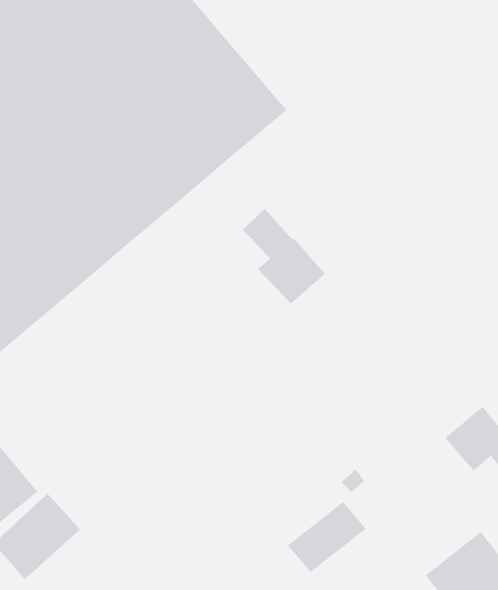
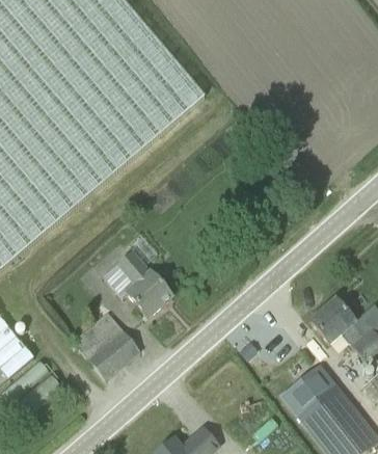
building: [242,208,326,304] -> [114,249,171,315]
building: none -> [75,313,139,377]
building: [287,501,367,573] -> [280,364,334,412]

